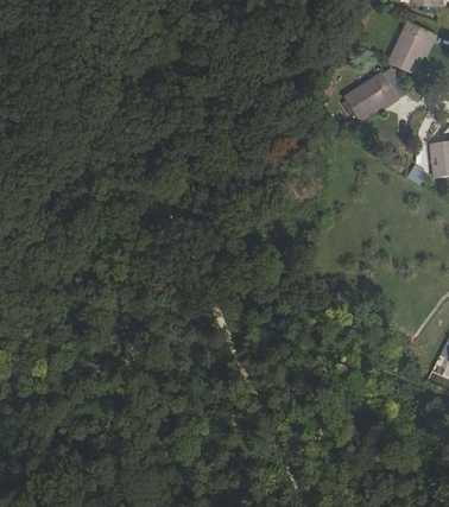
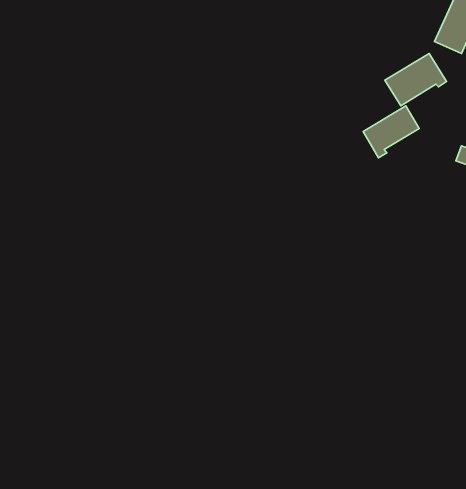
building: none -> [363,106,419,158]

